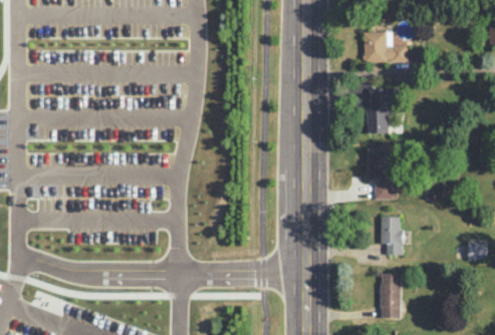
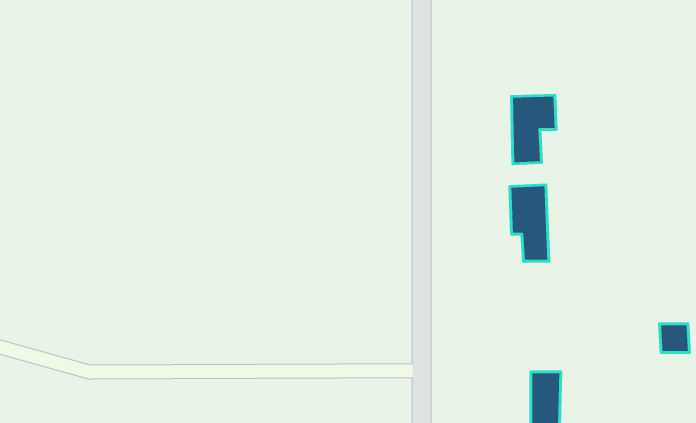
building: [363,31,408,62] -> none
building: [381,216,402,255] -> none

